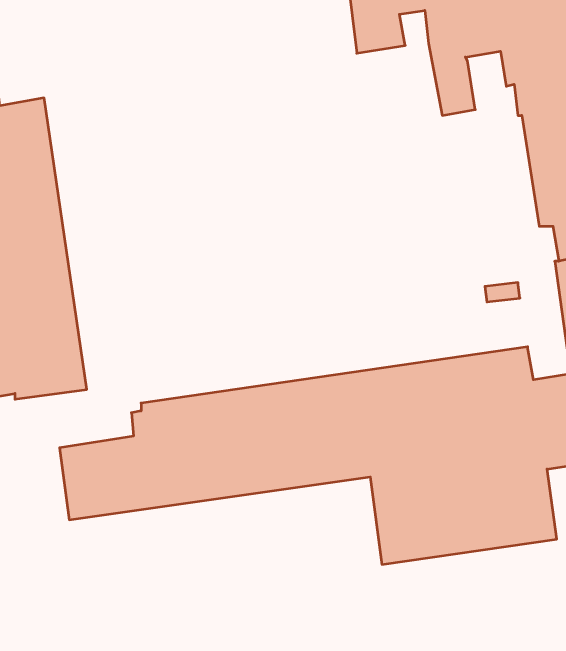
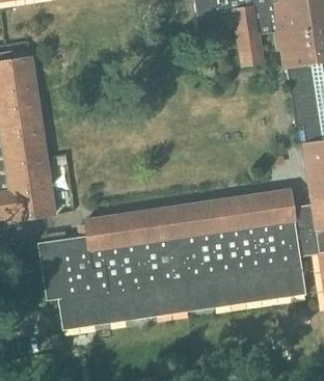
building: none -> [45,260,212,328]

